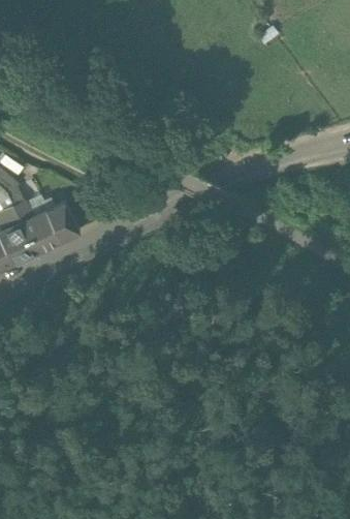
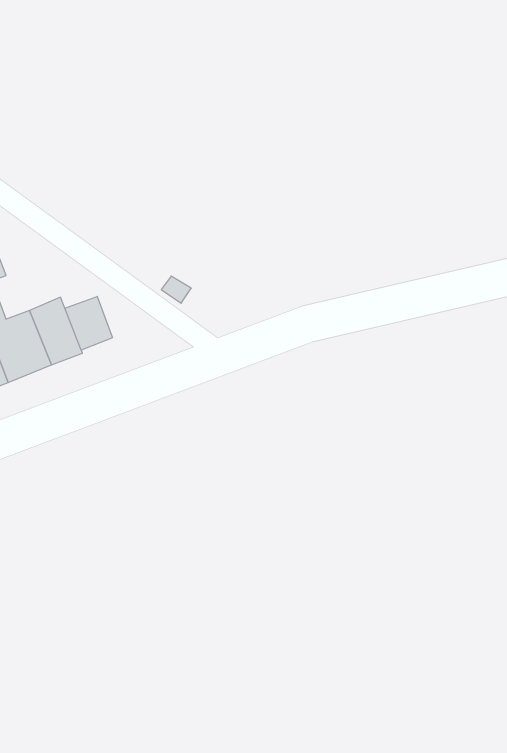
building: none -> [65,296,113,350]

